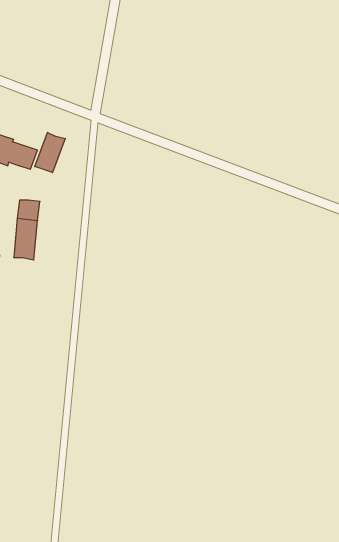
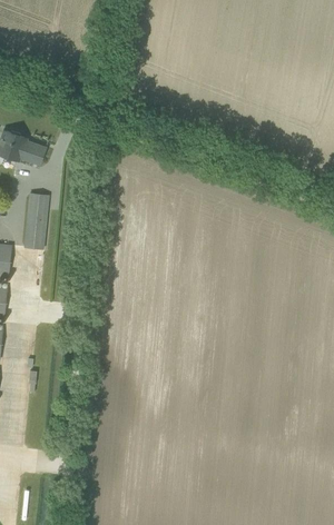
building: [35,132,65,173] -> none

